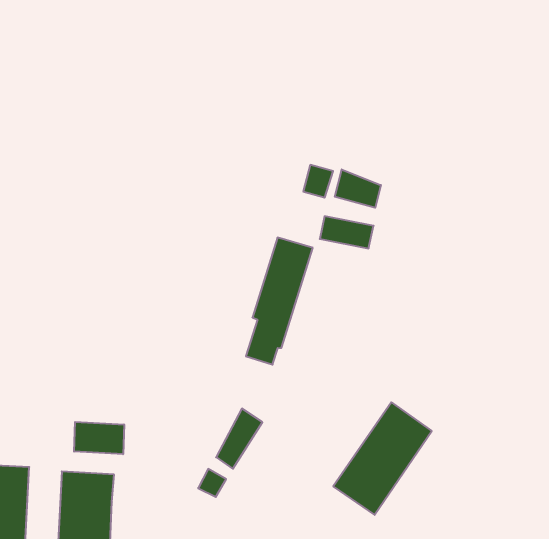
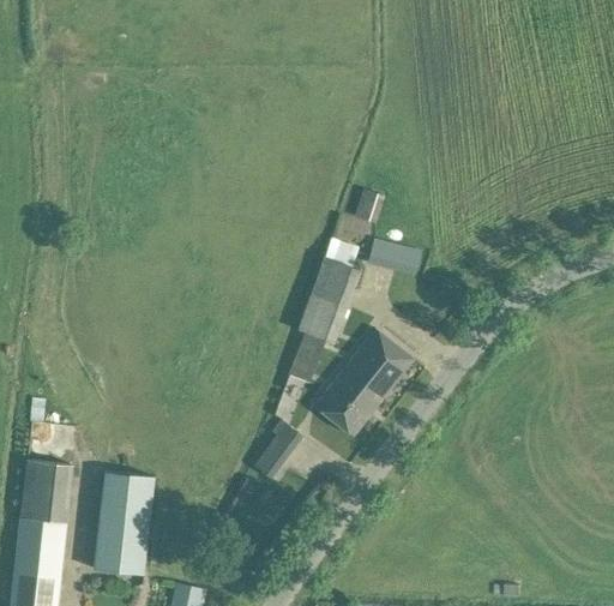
building: [335,169,381,208] -> none
building: [333,402,432,515] -> [314,329,413,437]
building: [74,422,124,454] -> none

